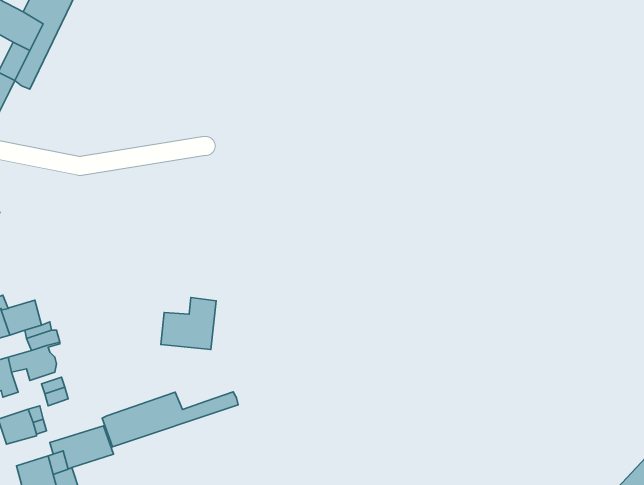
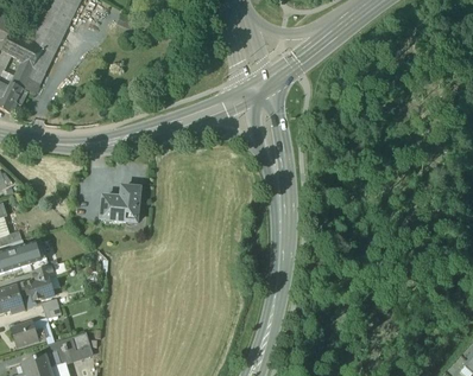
building: [161,297,216,349] -> [101,185,140,222]
building: [102,392,238,447] -> none

